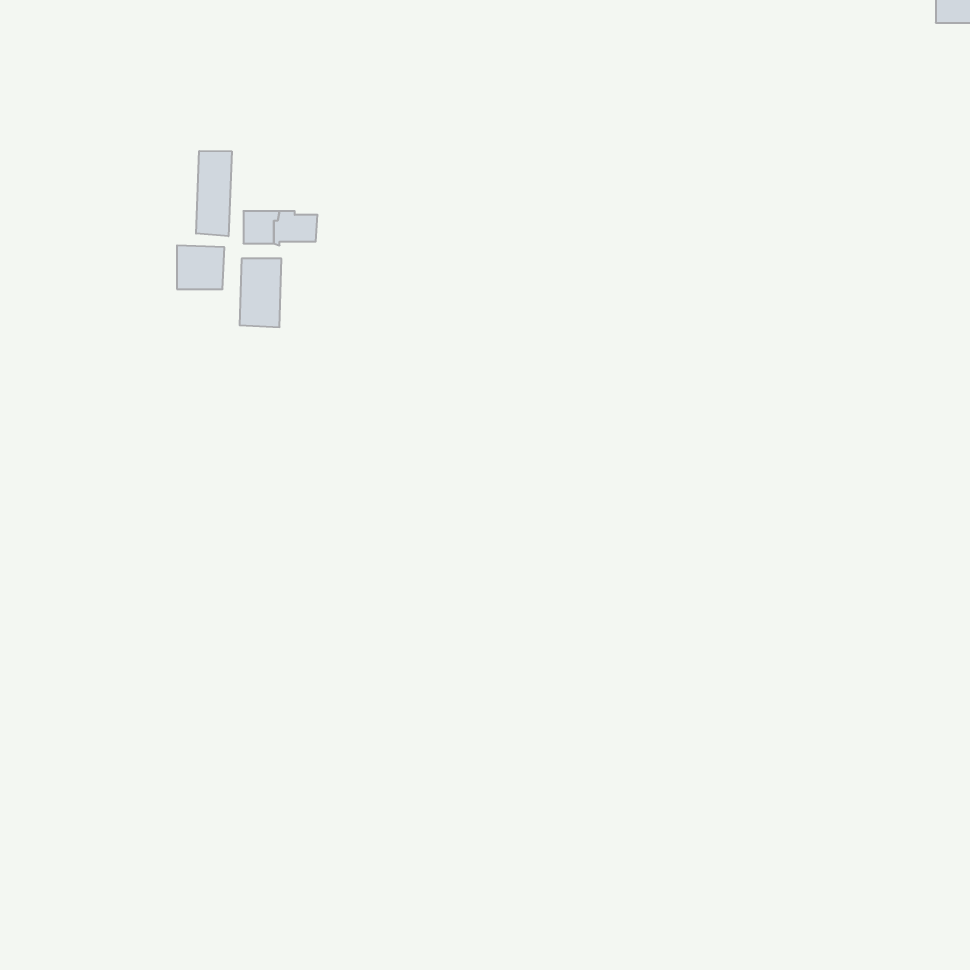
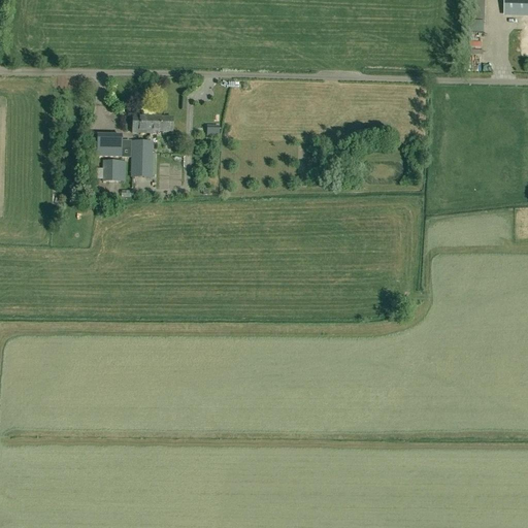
building: [196,151,232,236] -> none
building: none -> [102,160,126,182]

